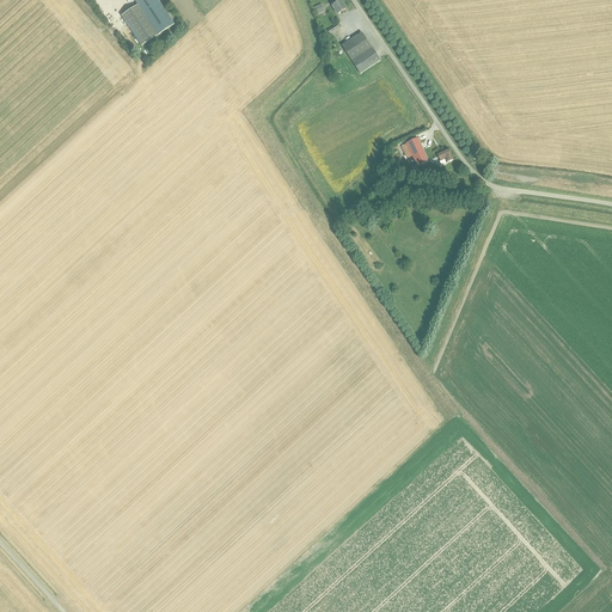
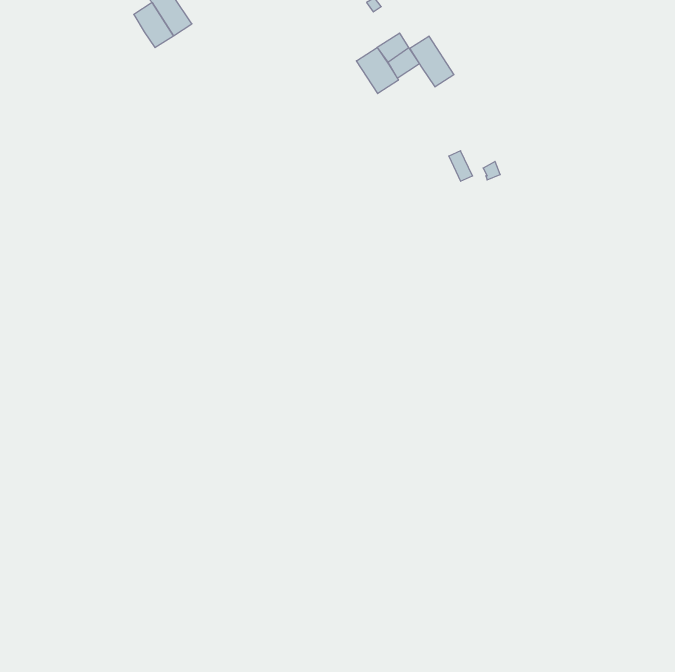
building: none -> [410,36,454,87]
building: none -> [356,47,398,94]

